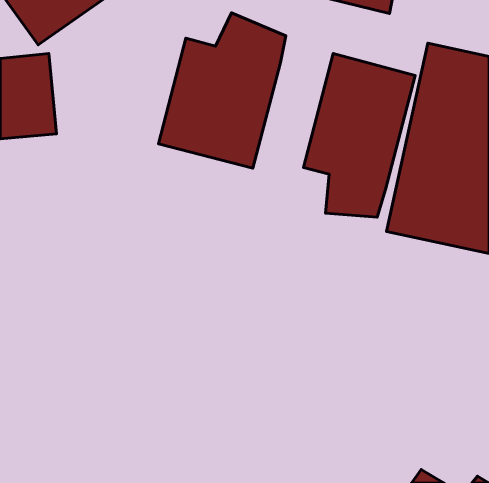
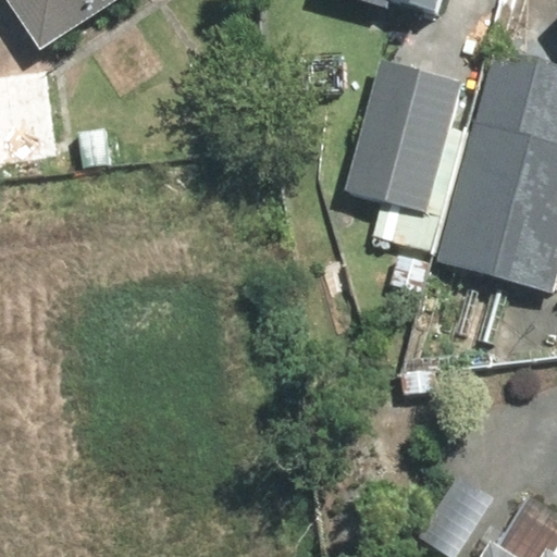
building: [158,13,286,168] -> none

